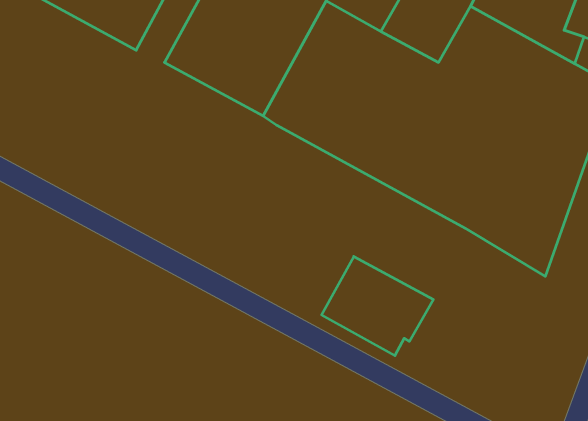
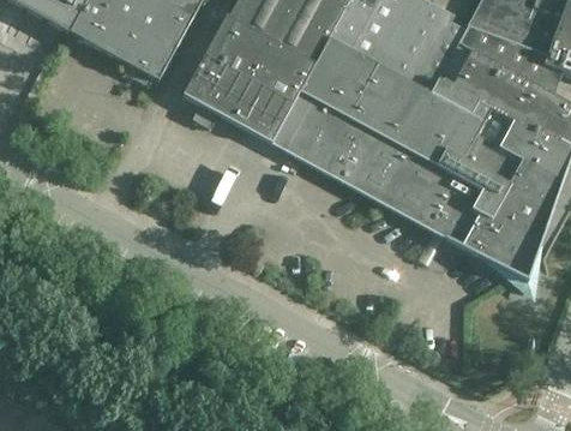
building: [322,256,433,356] -> none

